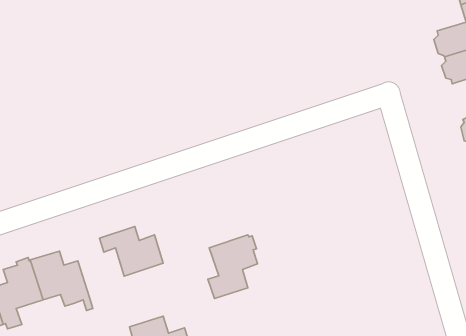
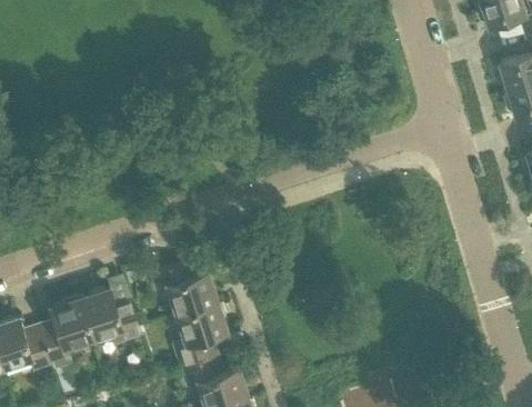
building: [208,235,258,299] -> [175,301,227,367]

